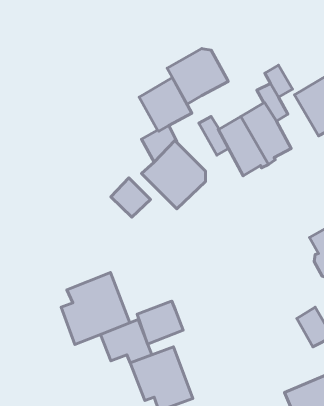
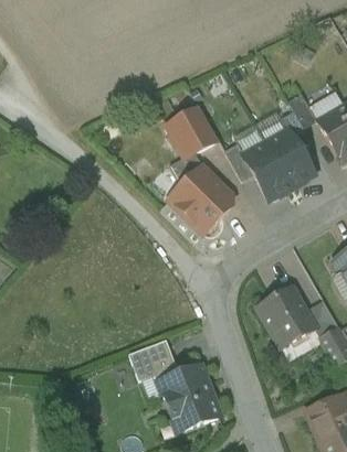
building: [167,49,228,104] -> none
building: [111,178,150,217] -> none
building: none -> [260,286,316,347]
building: [61,273,130,345] -> none
building: [137,301,183,344] -> none

